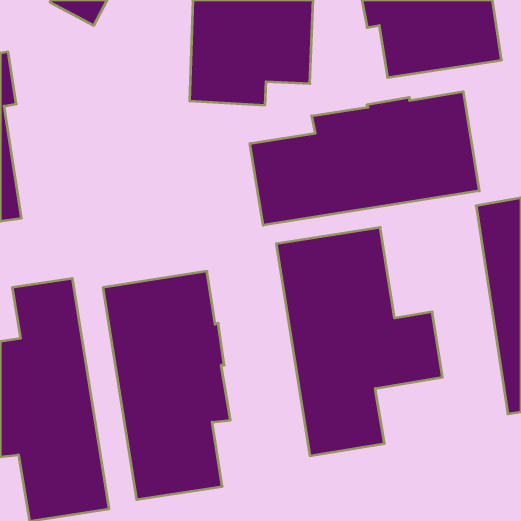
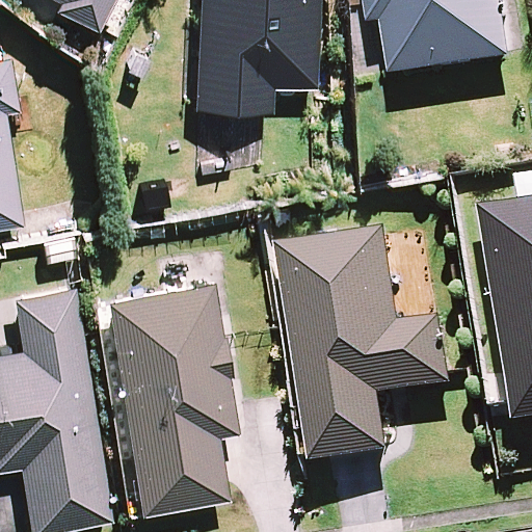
building: [250,92,479,225] -> none

